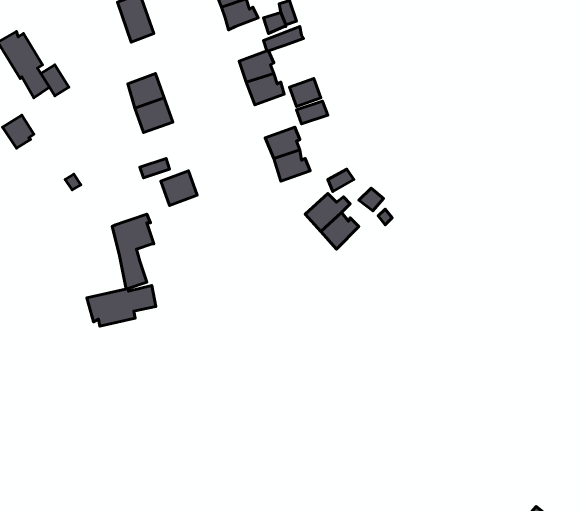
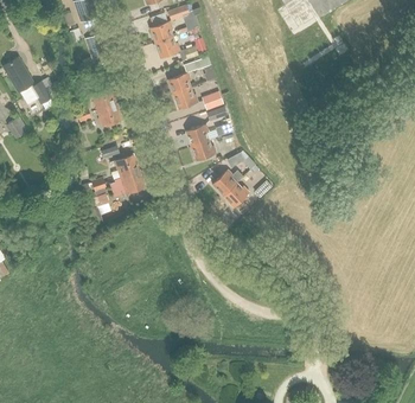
building: none -> [109,169,145,198]
building: [87,285,156,326] -> none

